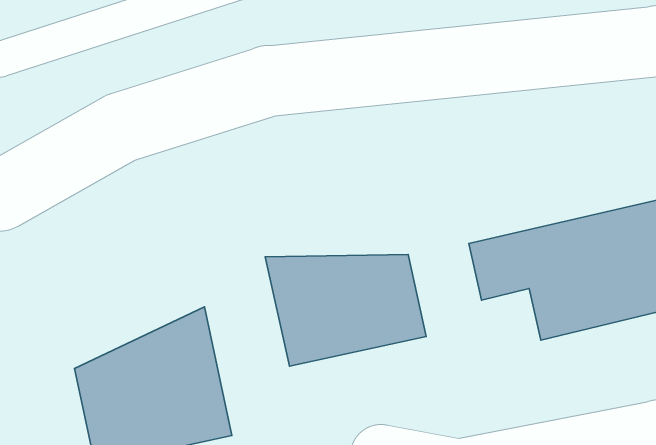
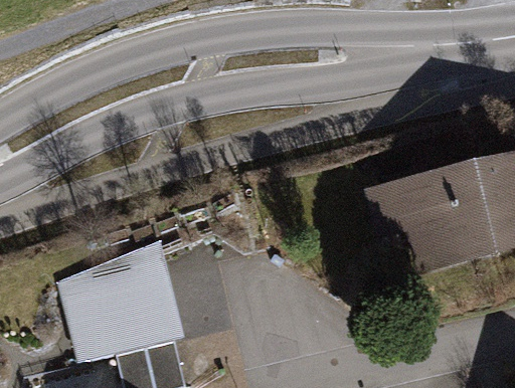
building: [265,254,426,366] -> none

